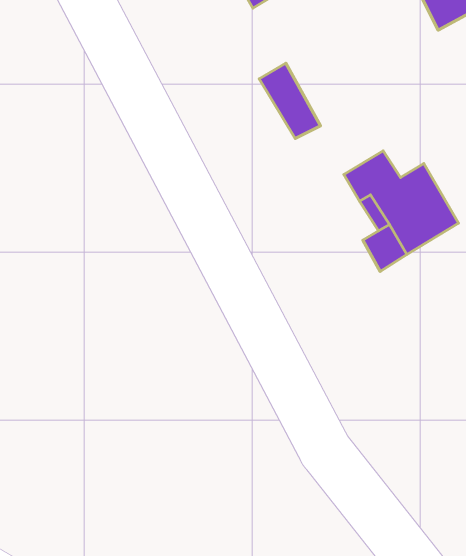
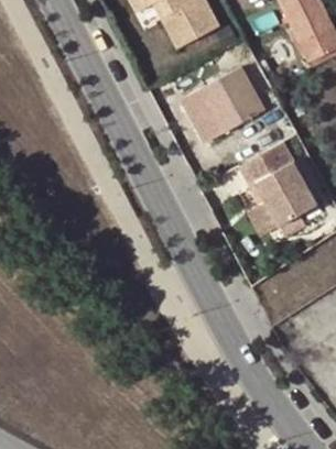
building: none -> [202,63,269,131]

